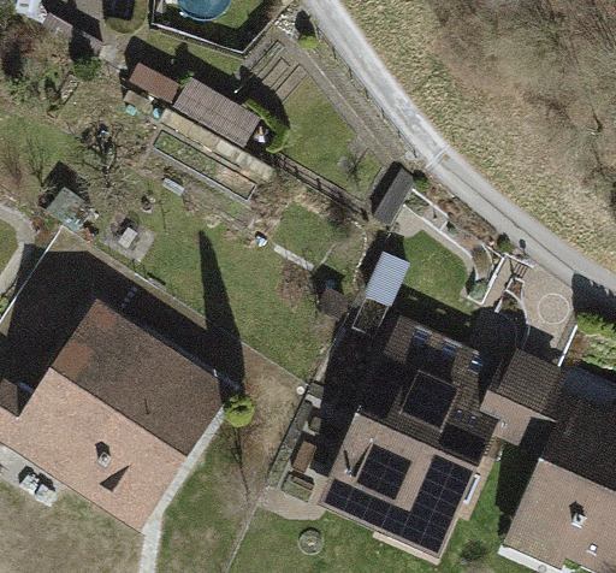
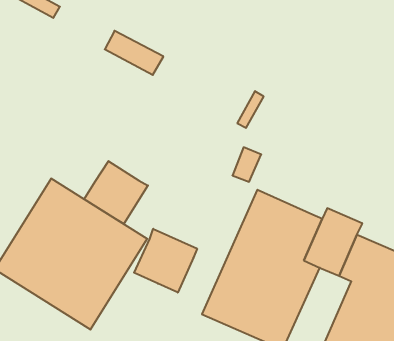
building: none -> [84,161,148,224]
building: none -> [134,229,197,293]

